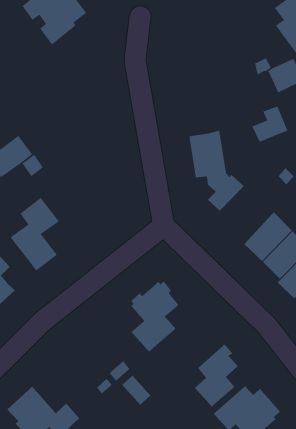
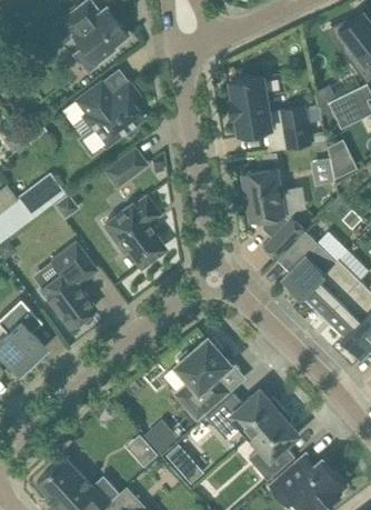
building: none -> [229,77,311,150]
building: none -> [76,82,142,158]
building: none -> [101,150,144,190]
building: none -> [103,198,163,267]
building: none -> [277,231,335,300]
building: none -> [205,390,282,440]

